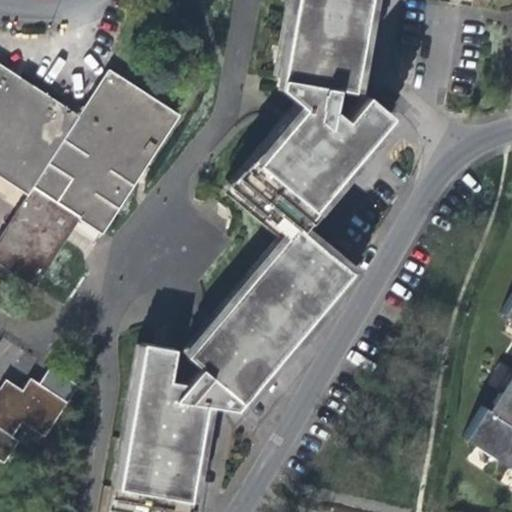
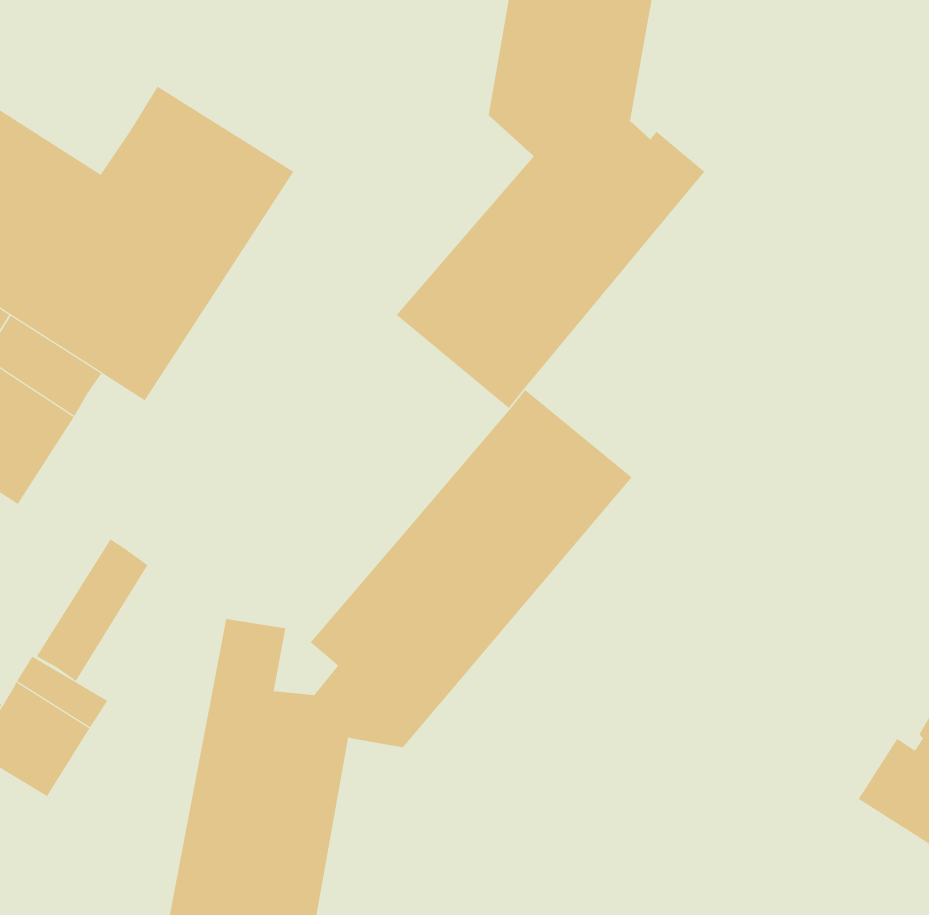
building: none -> [36,538,148,682]

